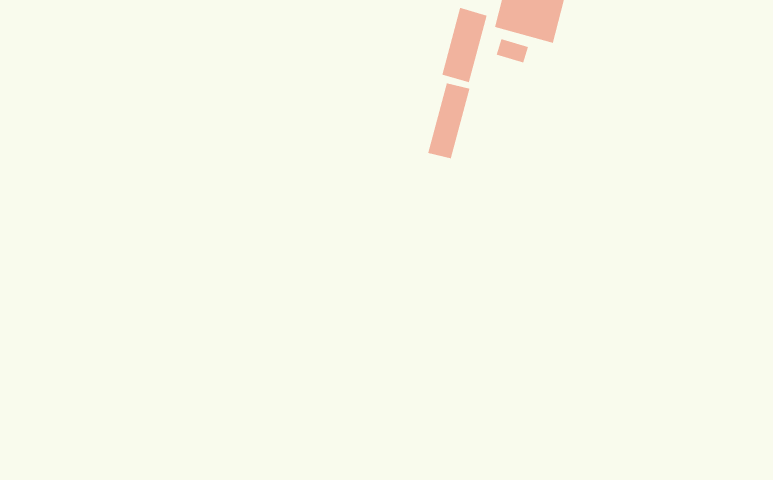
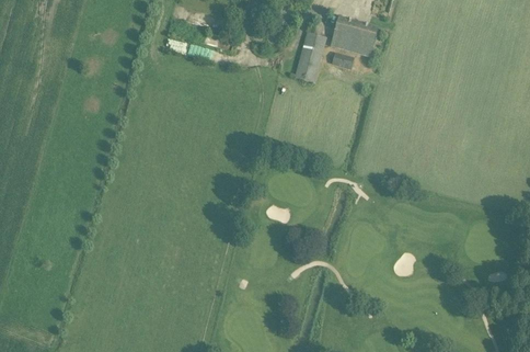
building: [427,82,470,159] -> none

